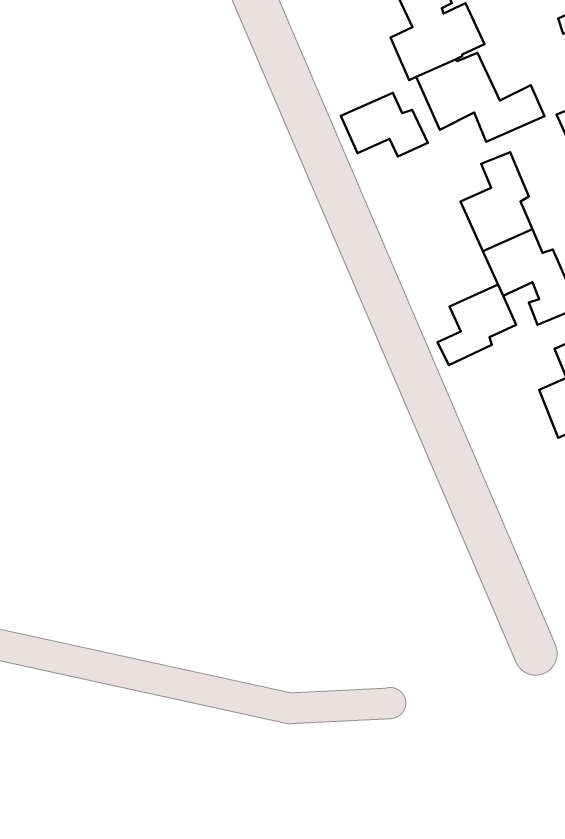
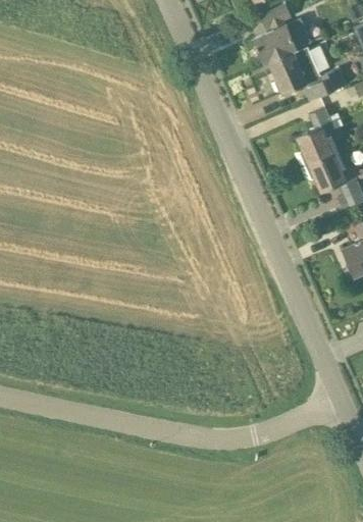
building: [341,93,428,157] -> none
building: [438,285,516,365] -> none

